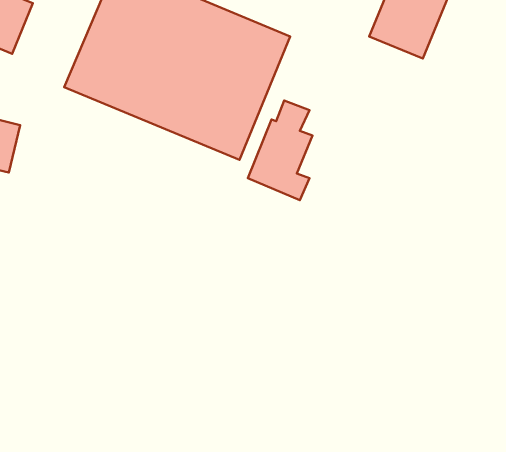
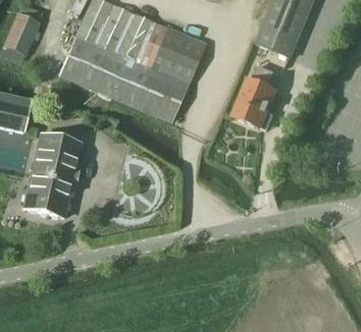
building: [248,101,313,200] -> [234,65,275,129]
building: none -> [22,134,81,217]

